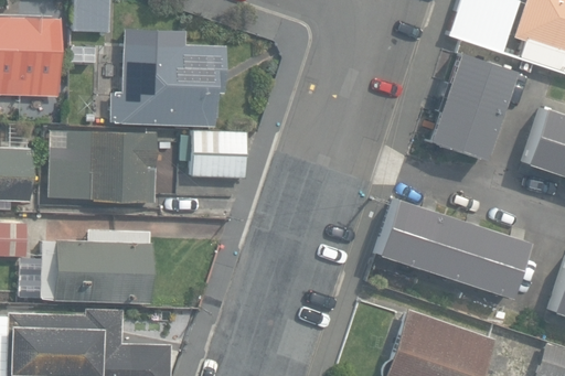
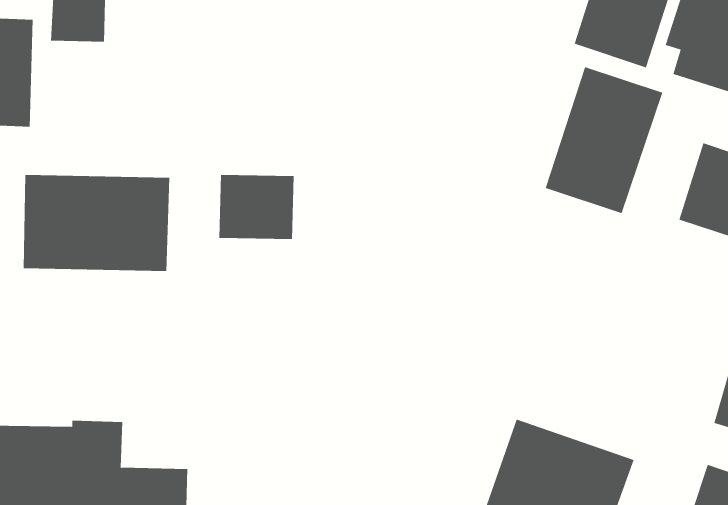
building: [111,37,227,126] -> none
building: [377,200,527,297] -> none
building: [42,229,153,304] -> none

